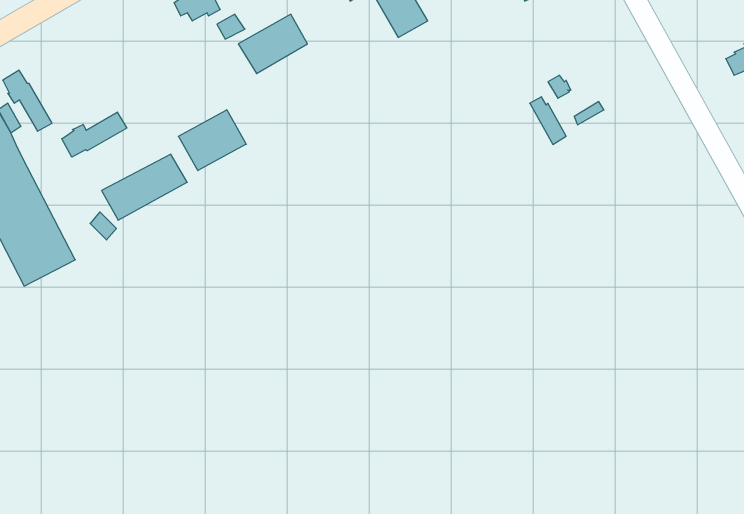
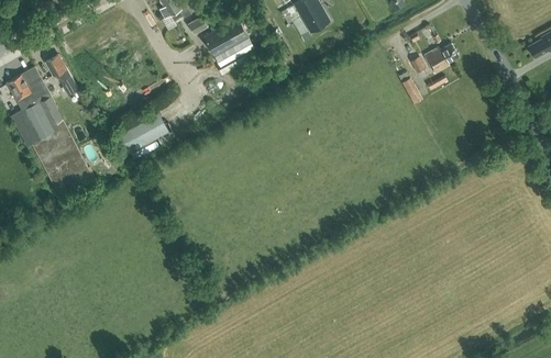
building: none -> [422,43,459,74]
building: [178,110,246,171] -> none
building: [62,112,127,157] -> none

